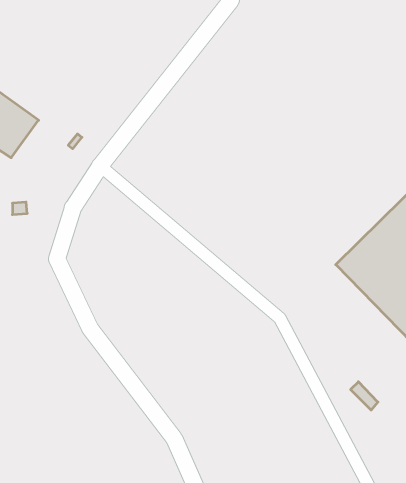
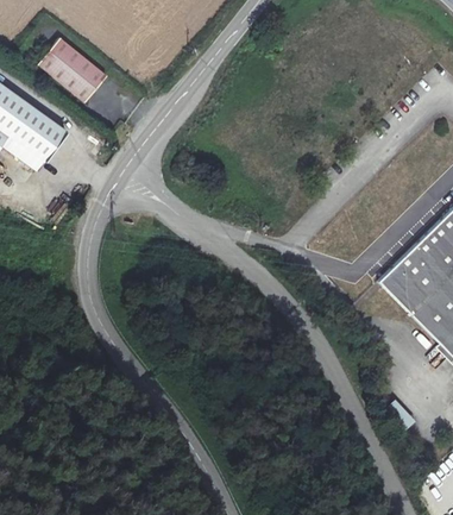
building: none -> [39,30,111,94]

